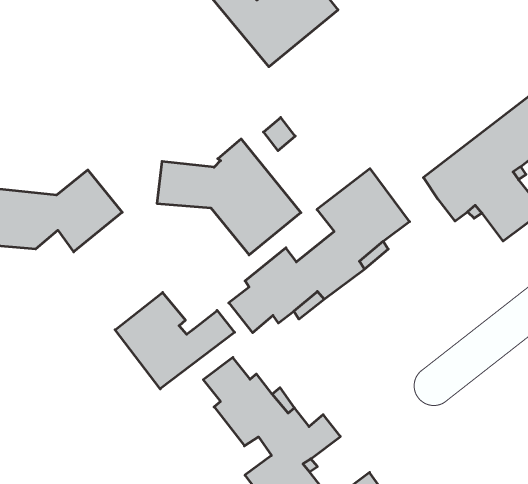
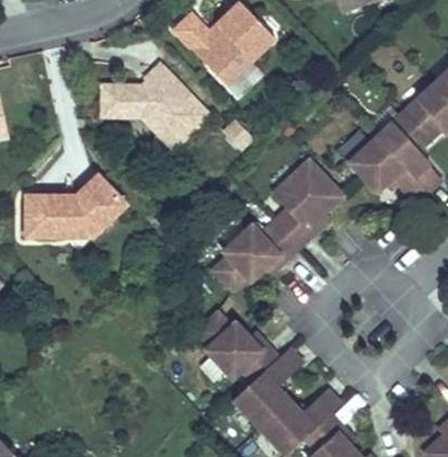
building: [157,139,301,255] -> [100,65,208,151]
building: [115,292,235,389] -> none

